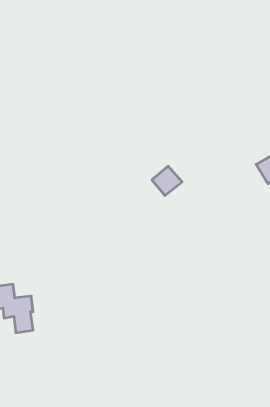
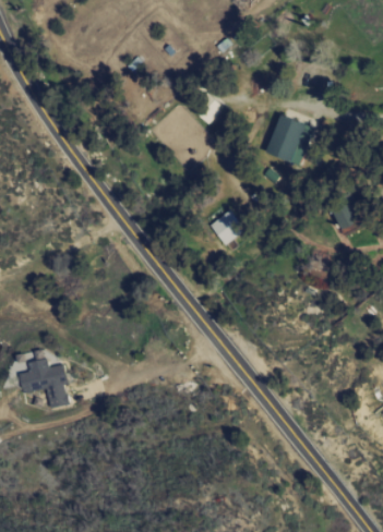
building: none -> [267,116,312,167]

